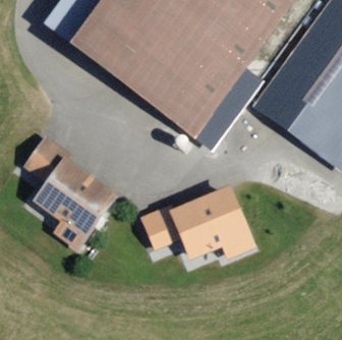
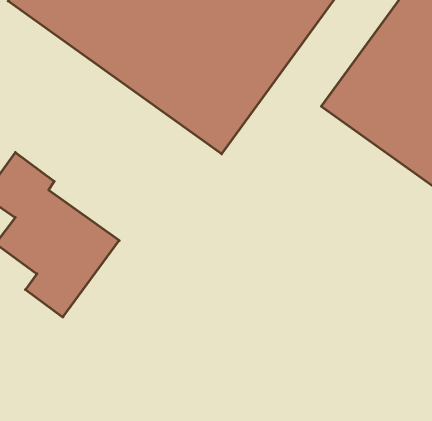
building: [154,186,258,252] -> none

